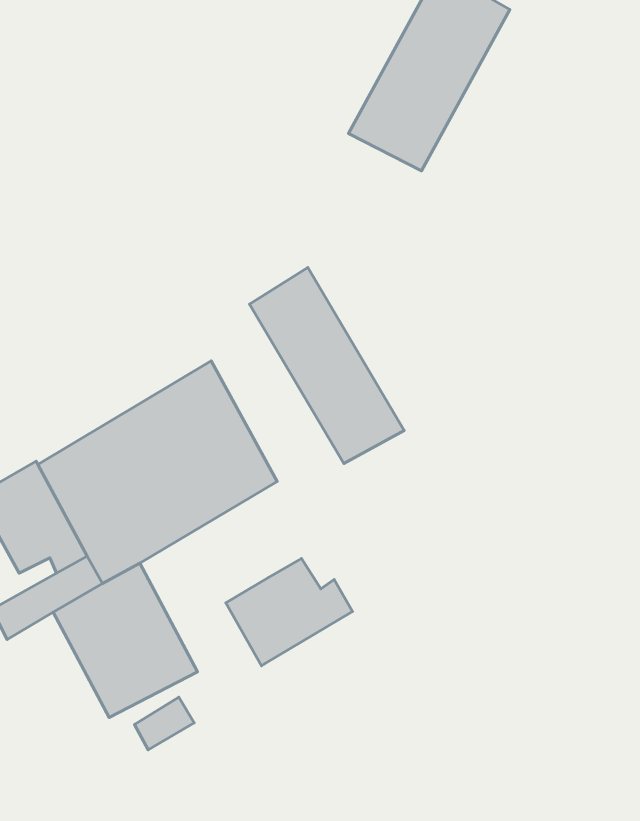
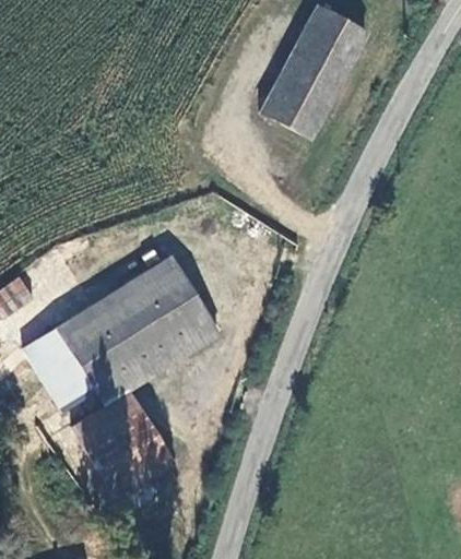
building: [249,268,404,464] -> none
building: [226,558,353,666] -> none

